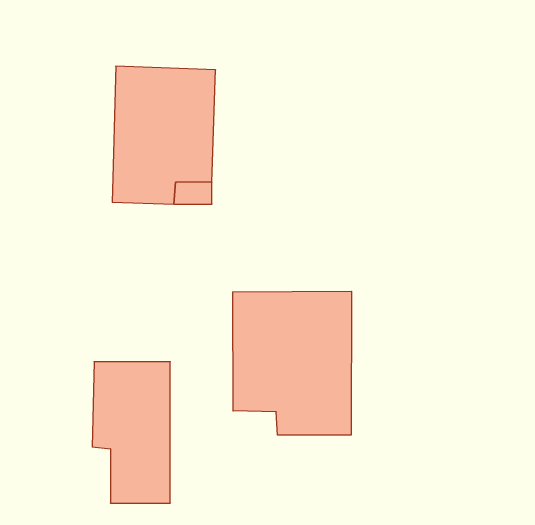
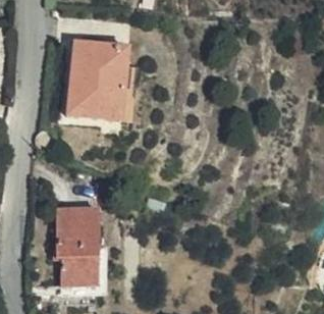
building: [233,291,351,435] -> none

